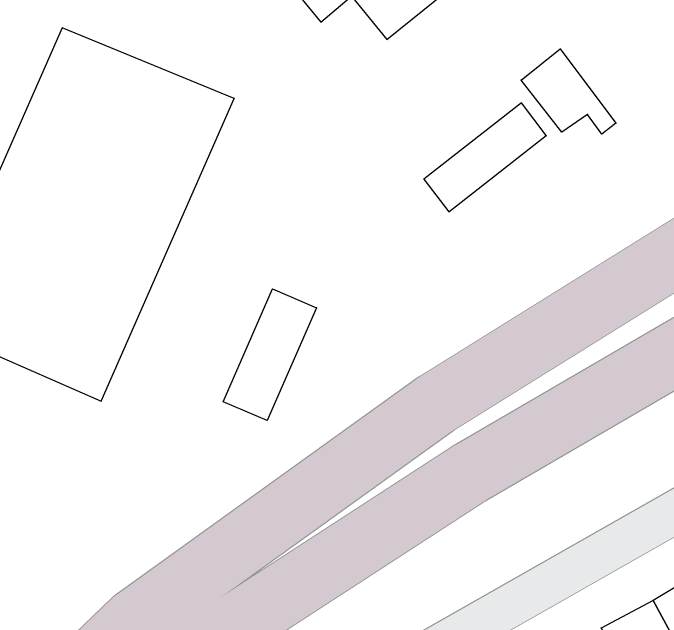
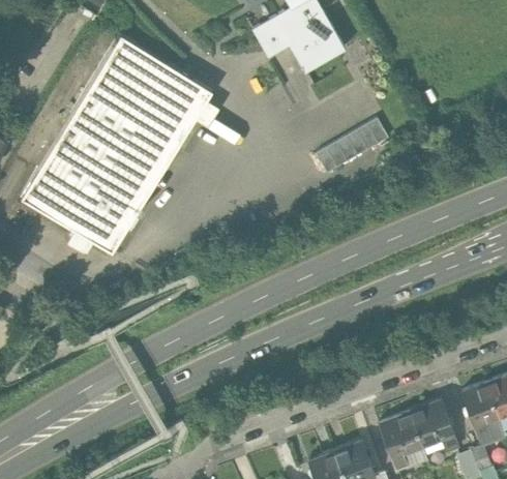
building: [521,49,616,134] -> none
building: [223,289,317,420] -> none

